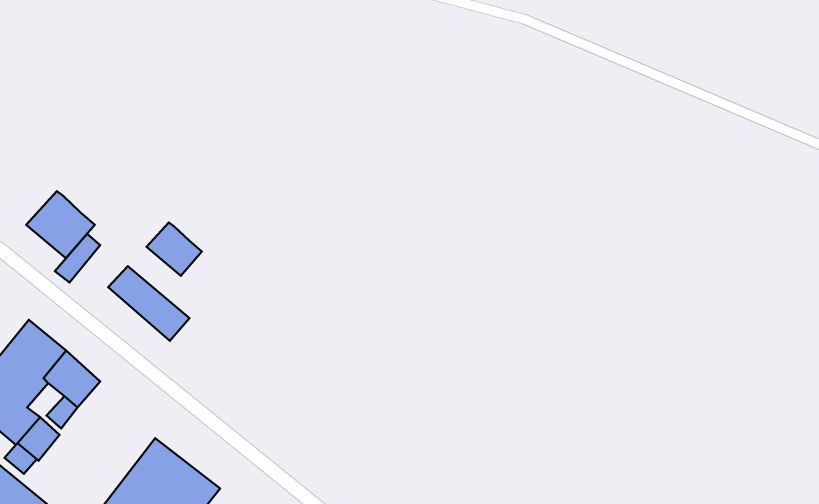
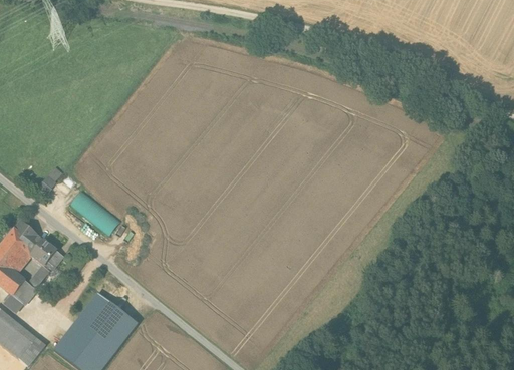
building: [26,191,95,258] -> none
building: [146,223,202,276] -> none

